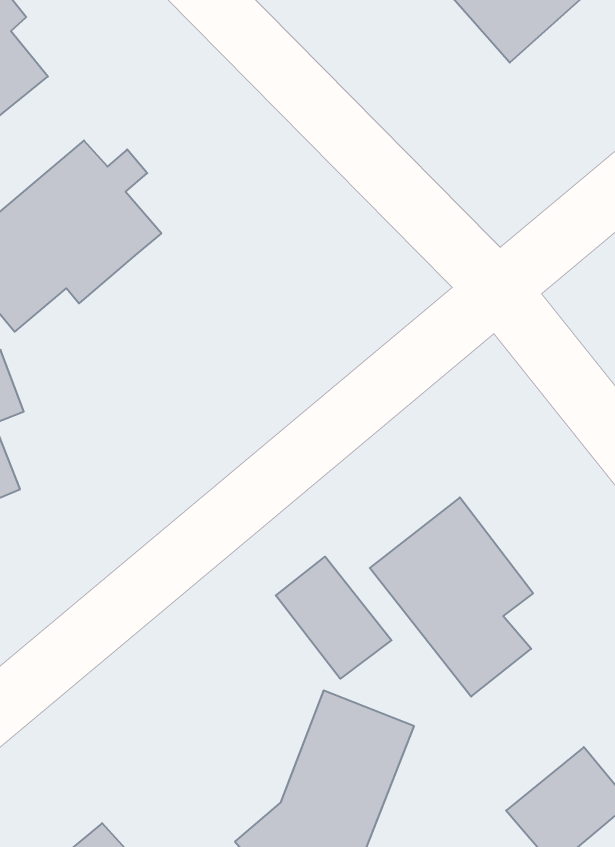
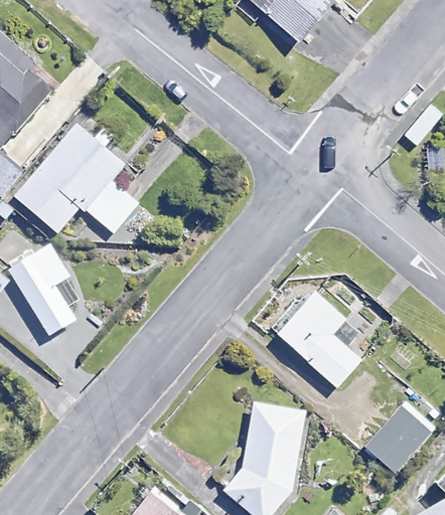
building: none -> [88,181,140,234]
building: [276,557,392,679] -> none

